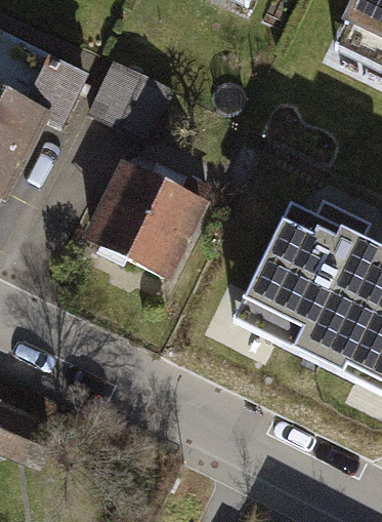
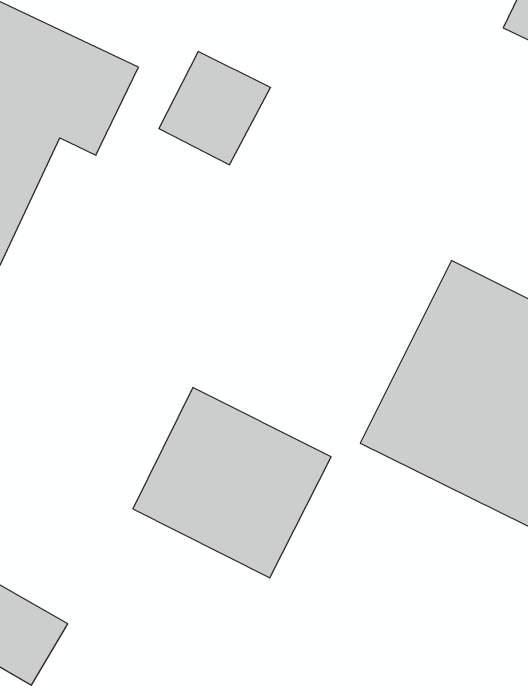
building: [73,160,202,284] -> [133,388,331,578]

